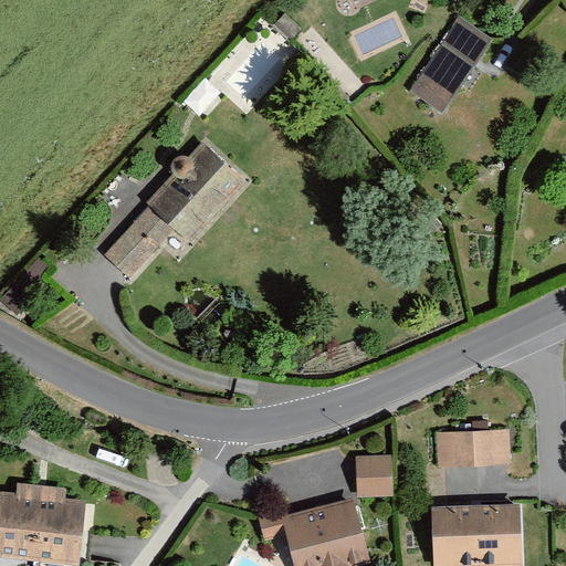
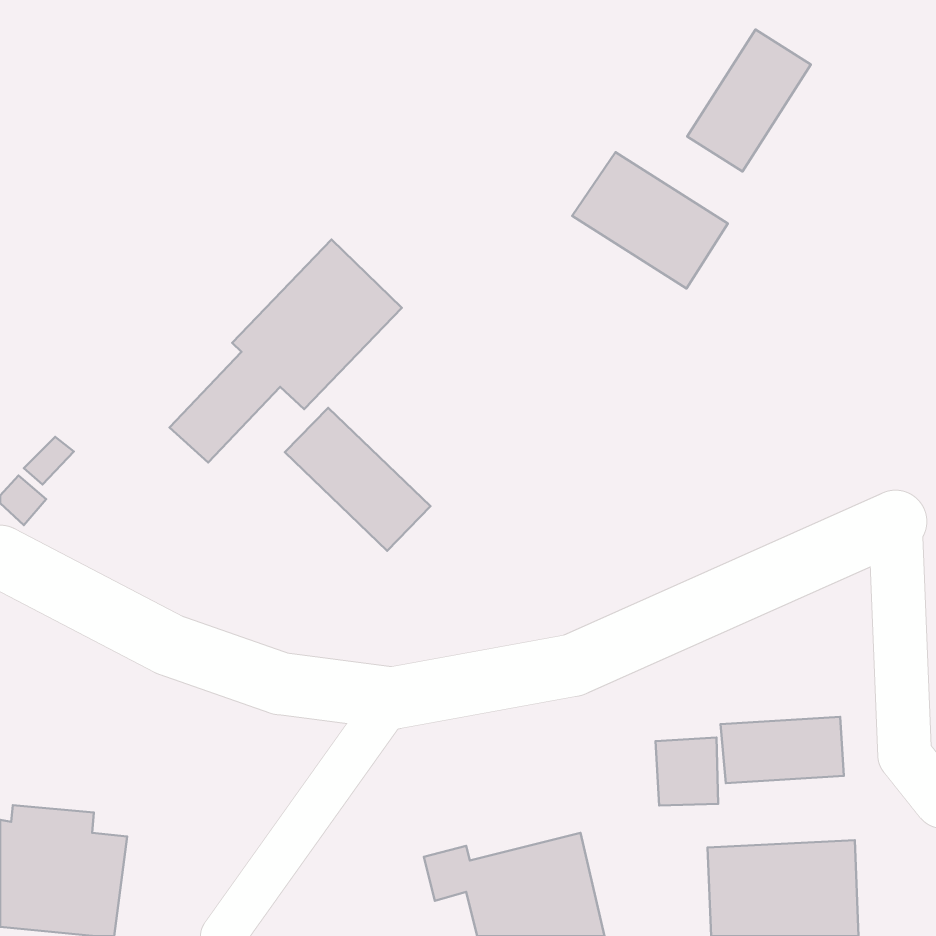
building: none -> [572,152,728,288]
building: none -> [285,408,430,551]
building: [354,455,391,496] -> [656,737,718,806]

